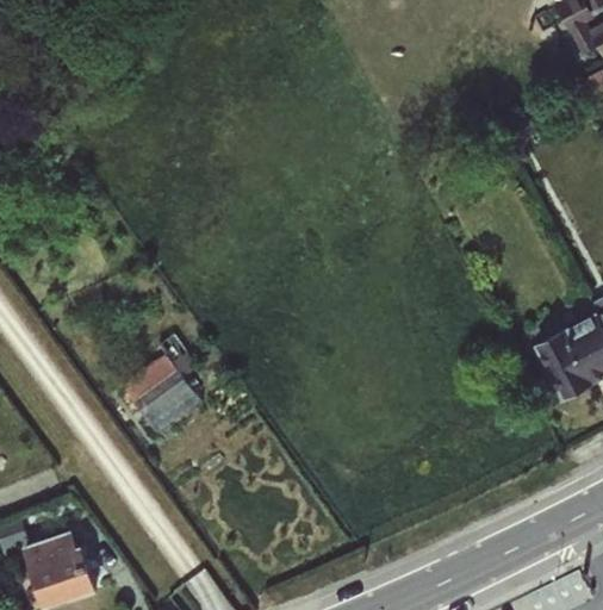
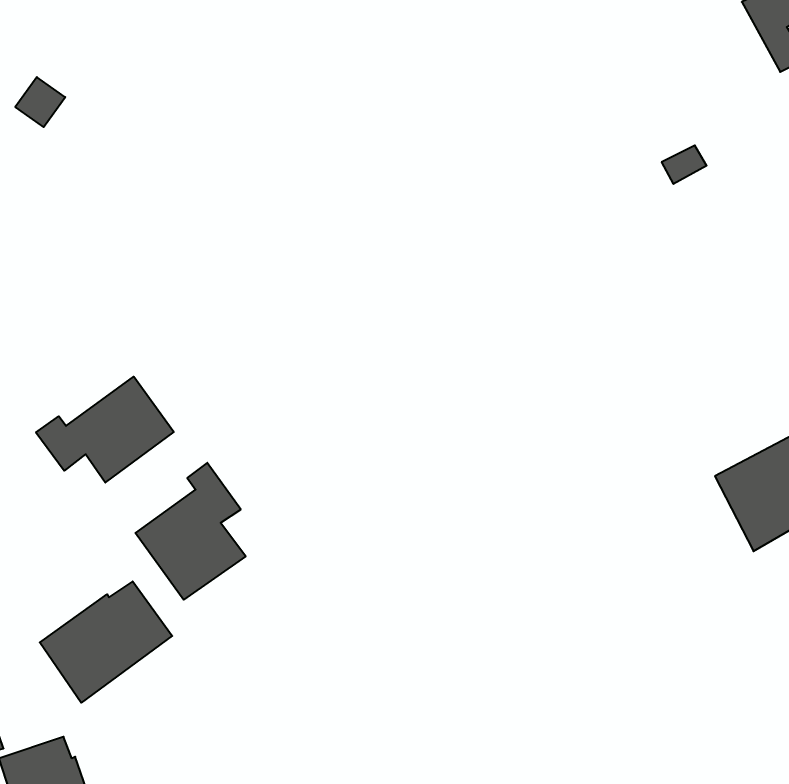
building: none -> [36,377,174,483]
building: none -> [40,581,172,703]

